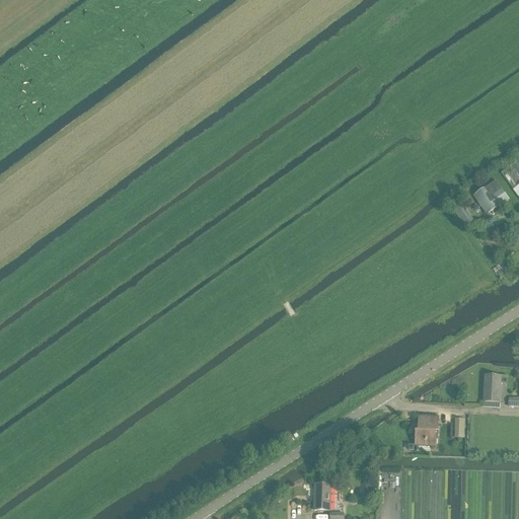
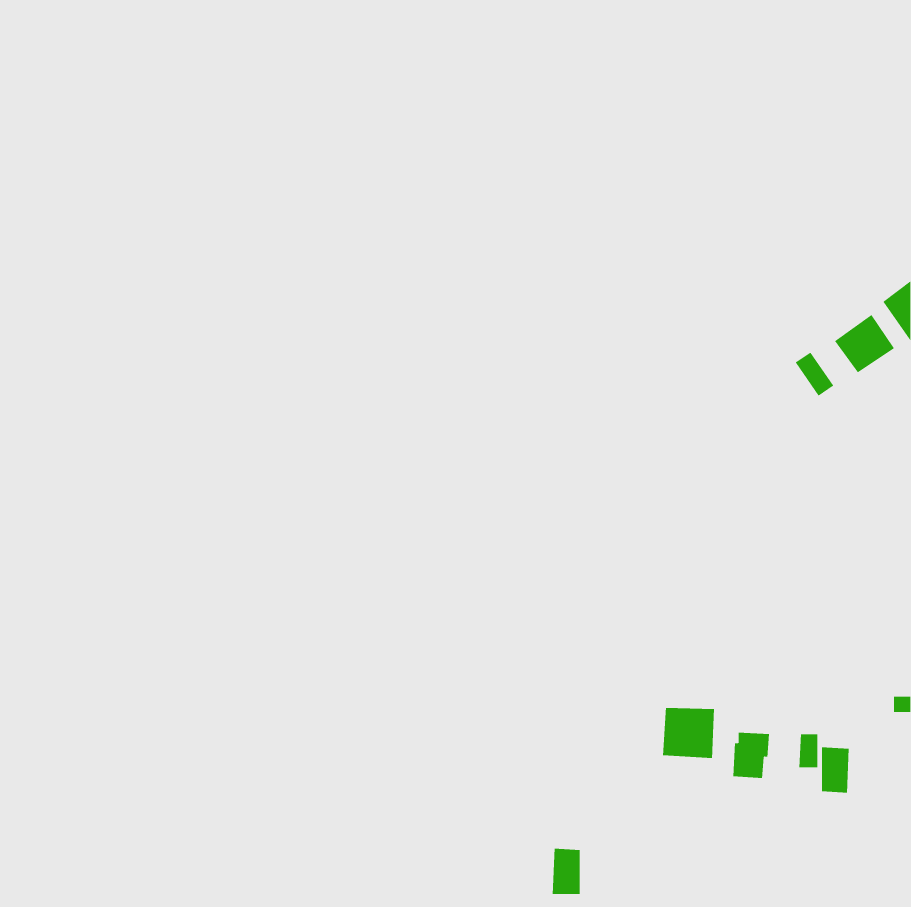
building: [484,373,500,399] -> [821,747,850,793]
building: none -> [662,707,714,759]

